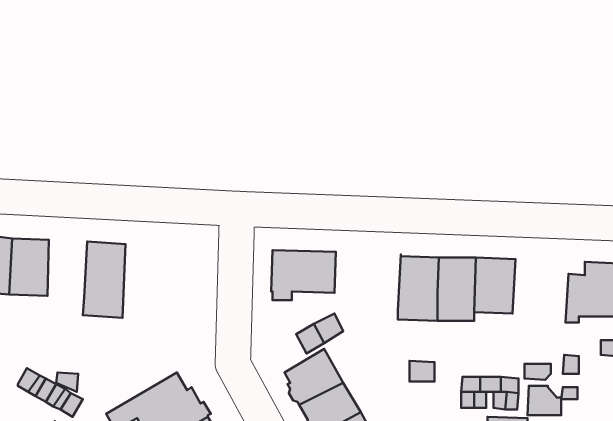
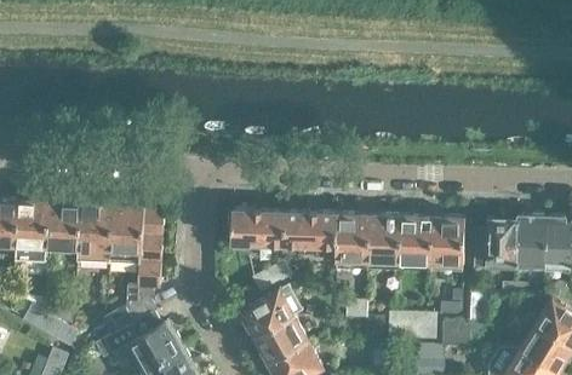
building: none -> [47,201,80,248]
building: none -> [102,204,164,335]
building: none -> [284,210,338,259]
building: none -> [430,217,464,262]

